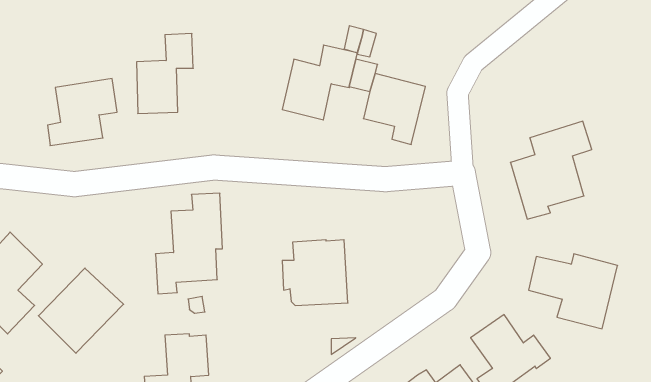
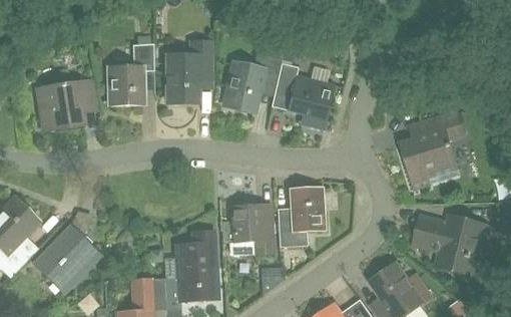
building: none -> [166,41,209,102]
building: [155,193,222,294] -> [163,231,215,309]
building: none -> [277,188,323,247]

